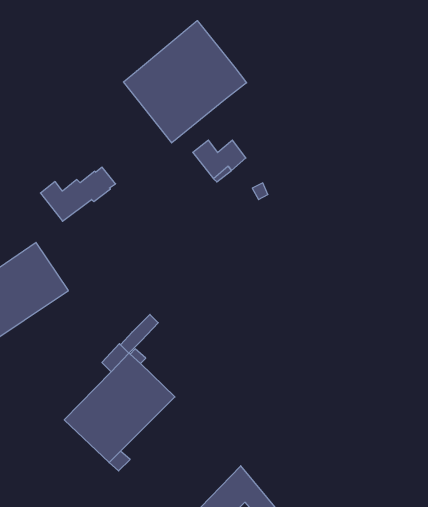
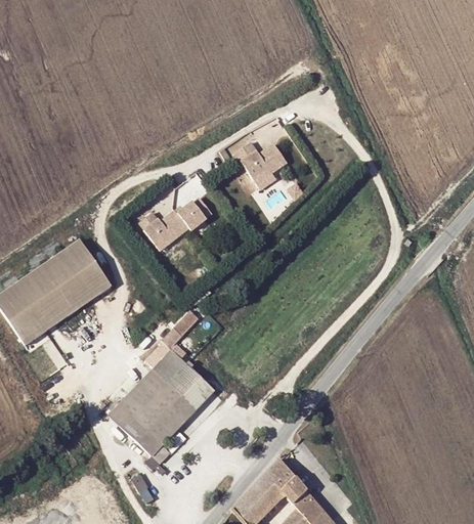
building: [123,21,247,143] -> none
building: [40,167,116,221] -> [138,198,212,251]

